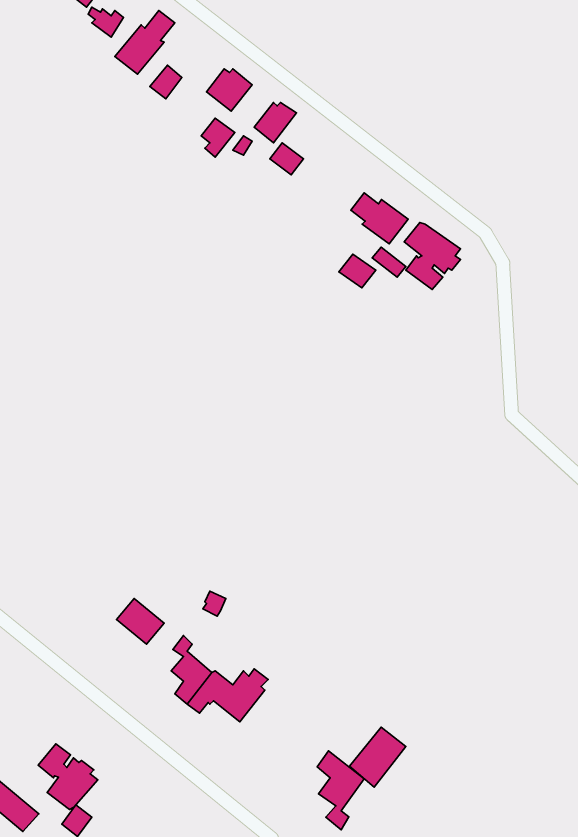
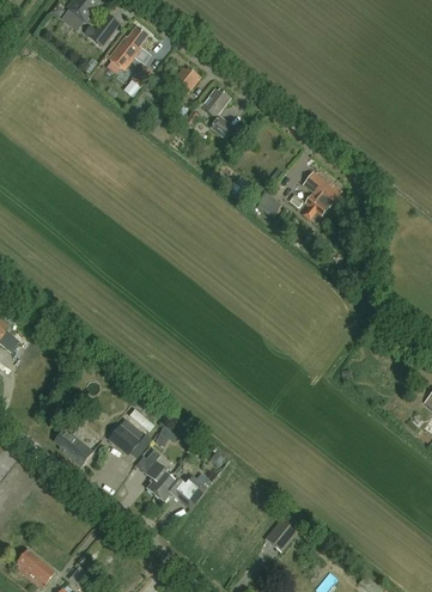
building: [351,193,408,244] -> none
building: none -> [55,432,92,466]
building: [38,744,98,810] -> none
building: [317,751,364,830] -> none

